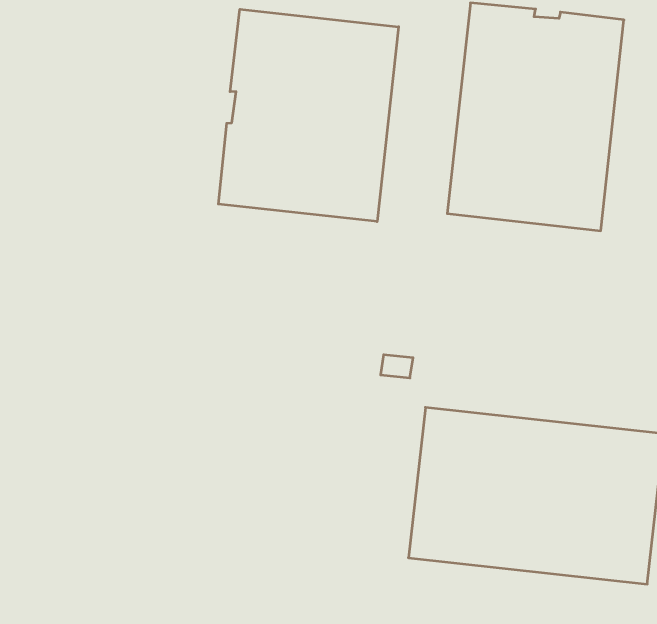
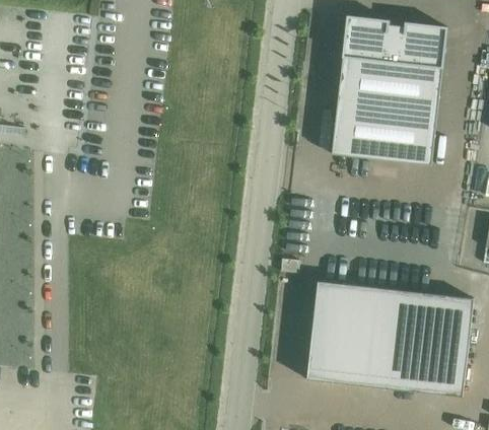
building: [218,9,399,222] -> none

